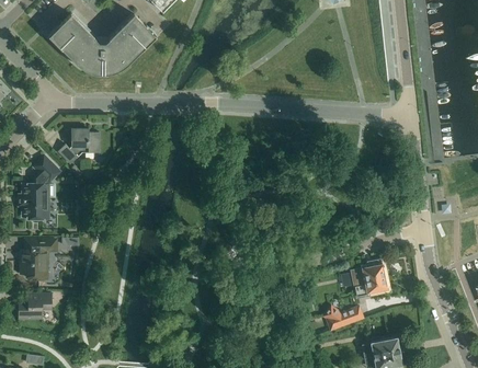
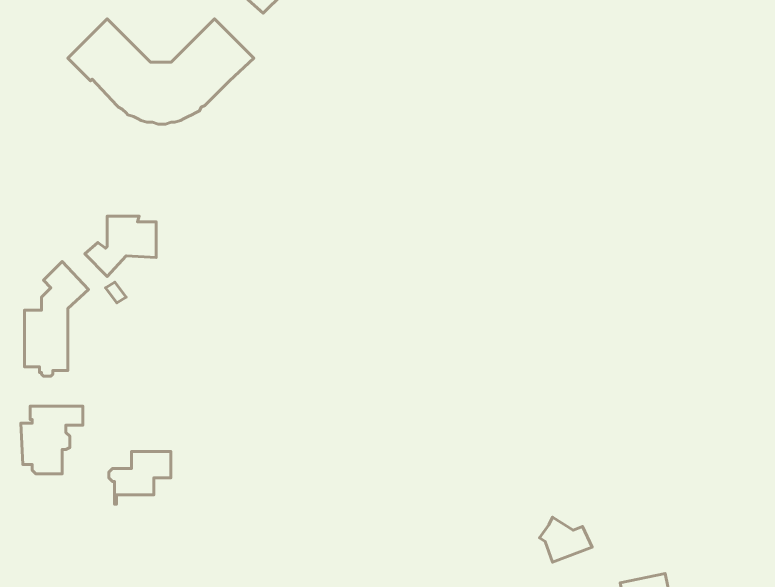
building: [351,258,386,294] -> none
building: [14,294,50,324] -> [109,452,171,504]

